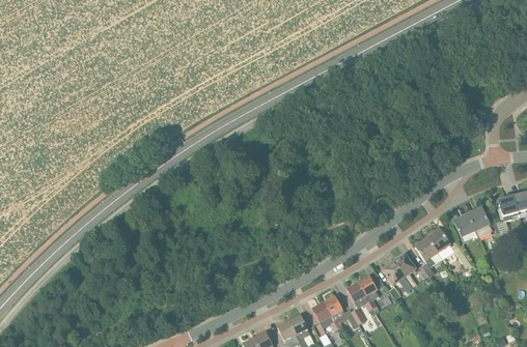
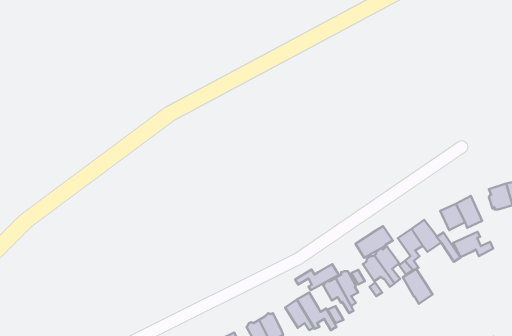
building: none -> [356,226,393,258]
building: none -> [453,232,493,257]
building: none -> [295,264,339,290]
building: none -> [403,269,432,304]

